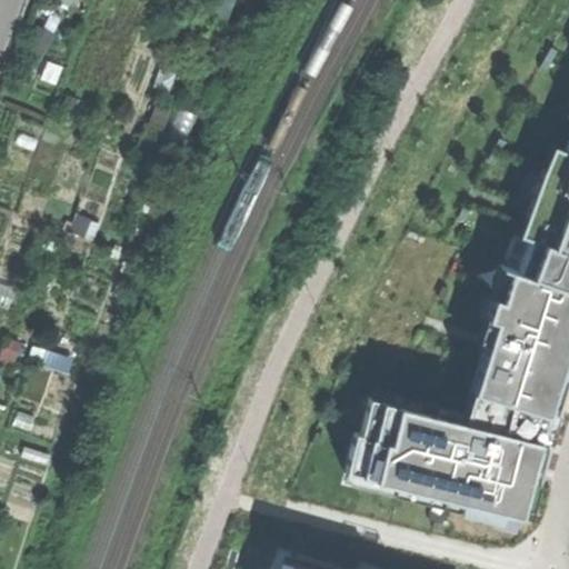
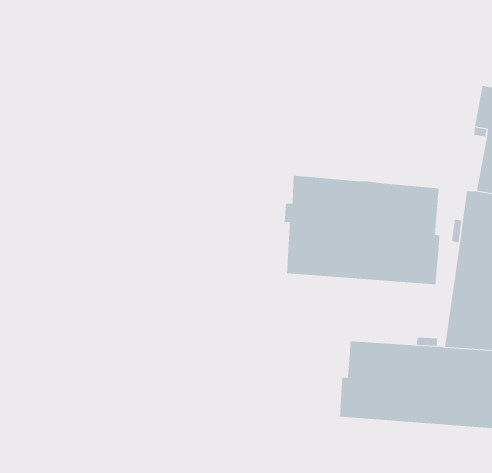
building: none -> [284,175,440,285]

